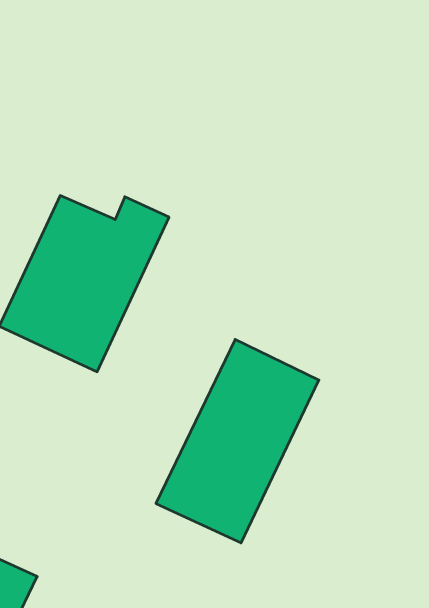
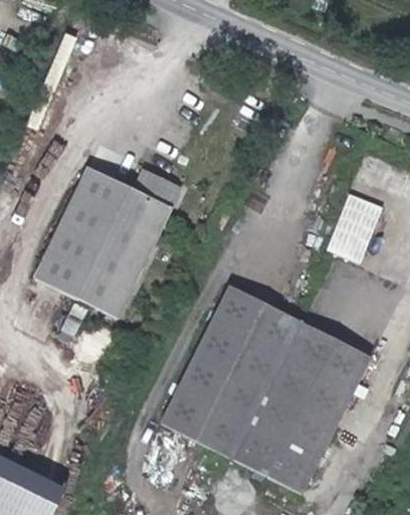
building: none -> [319,194,377,266]
building: none -> [237,322,373,492]

